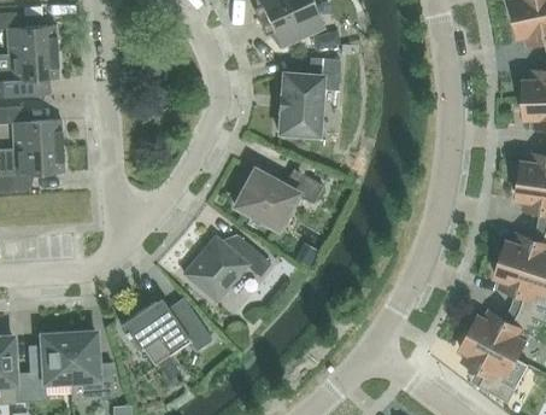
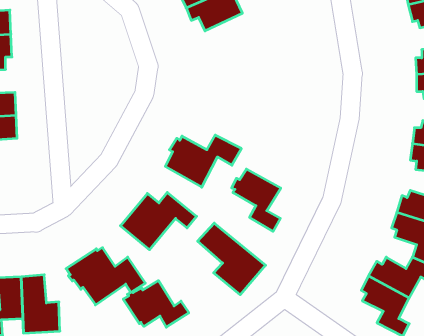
building: [277,58,339,135] -> none
building: none -> [232,169,281,231]
building: none -> [198,223,266,295]
building: none -> [123,281,189,327]

